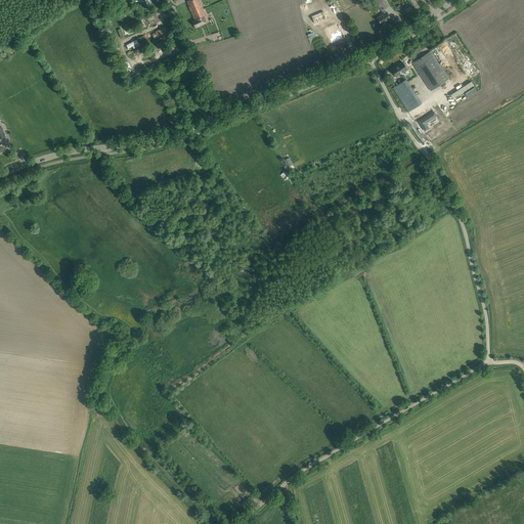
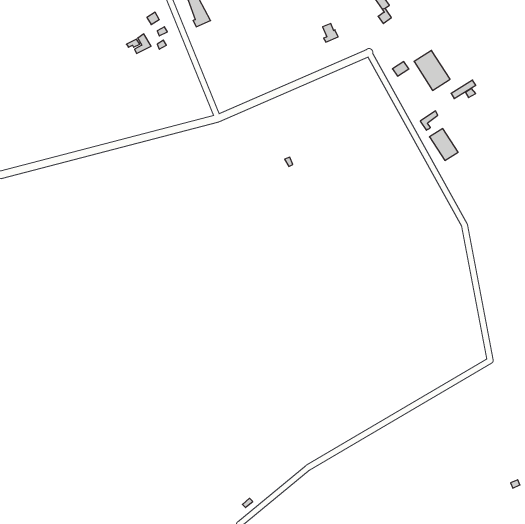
building: [393,79,422,111] -> [429,129,458,160]

